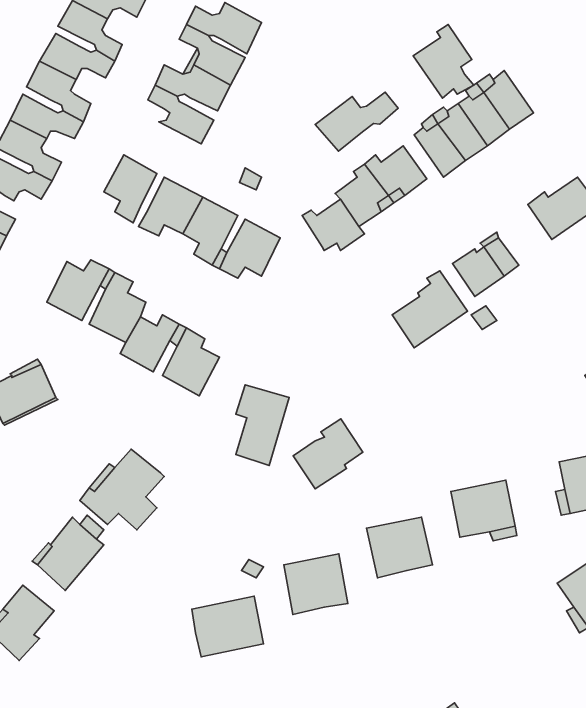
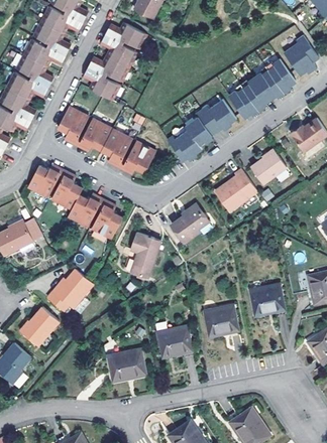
building: [413,24,474,98] -> [284,37,317,78]
building: [315,92,398,151] -> none
building: [293,419,363,489] -> [169,205,207,244]

